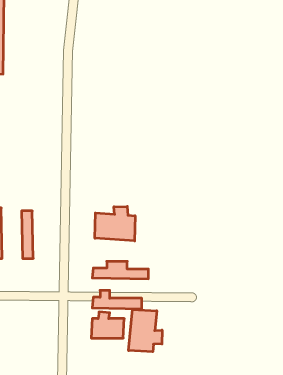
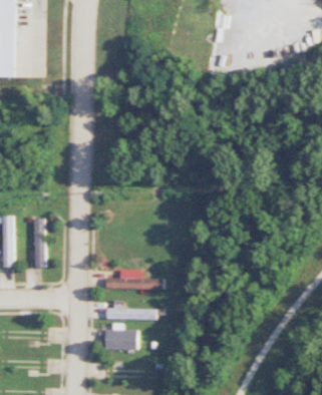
building: [95,206,135,241] -> none
building: [129,310,162,352] -> none

